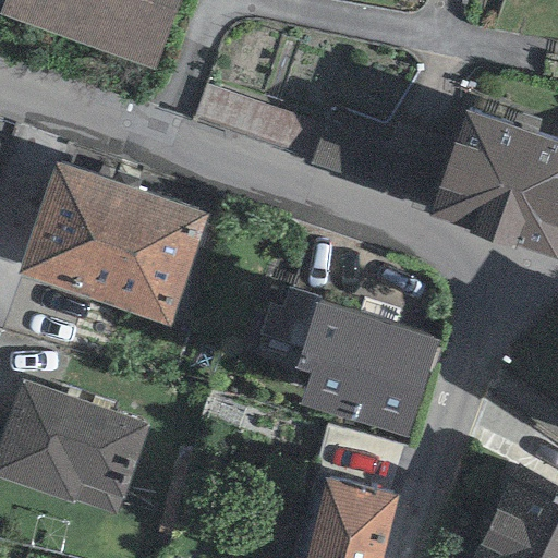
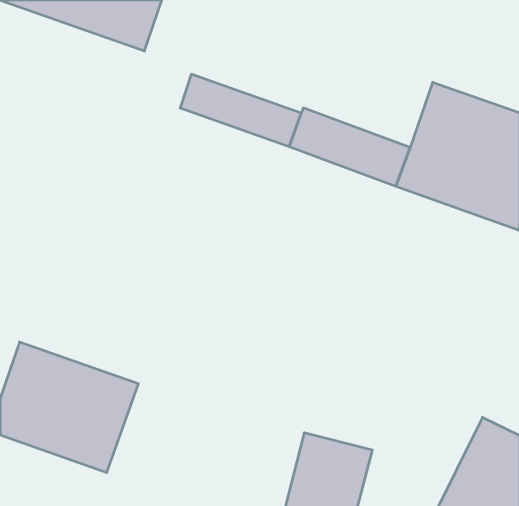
building: [21,155,206,313] -> none
building: [295,286,438,421] -> none

